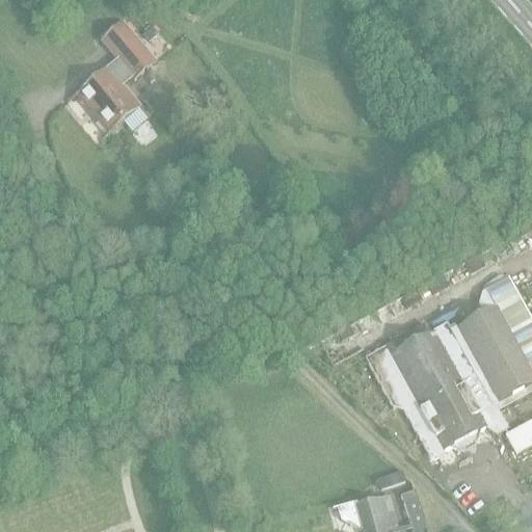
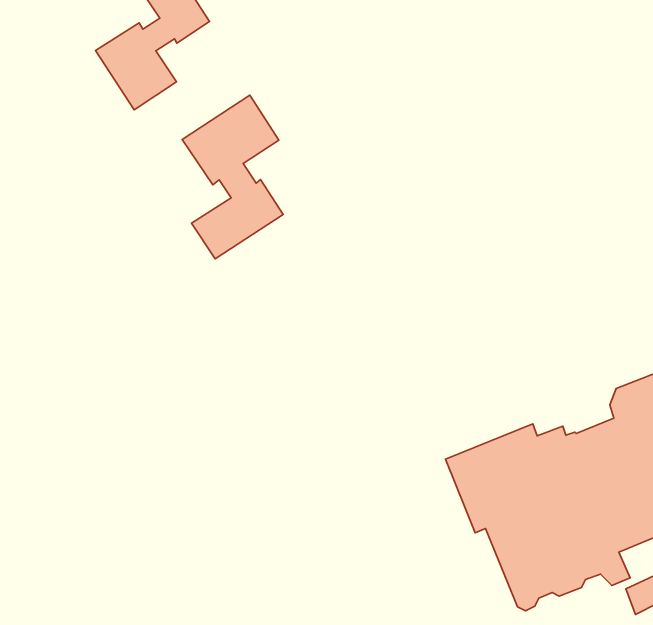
building: none -> [182,95,283,259]

